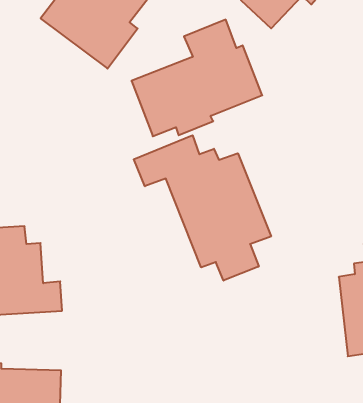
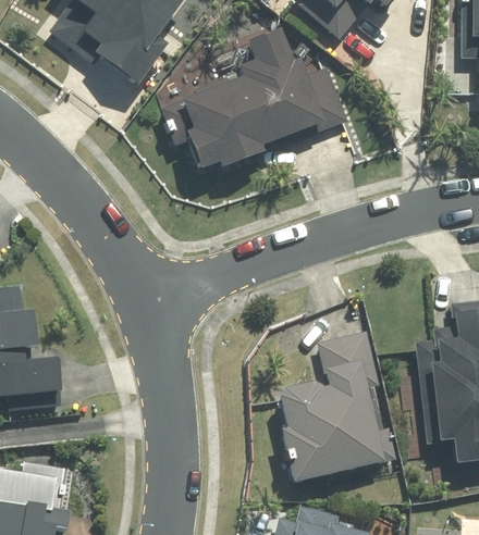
building: [134,135,271,281] -> none
building: none -> [275,332,381,483]

